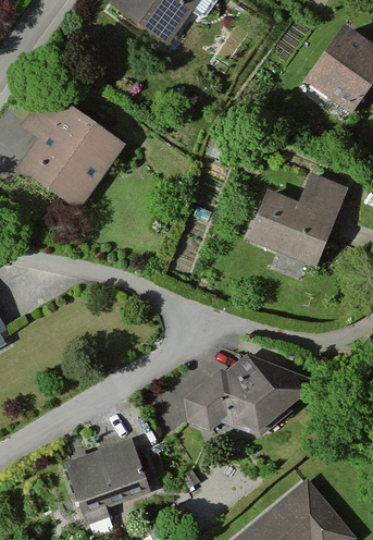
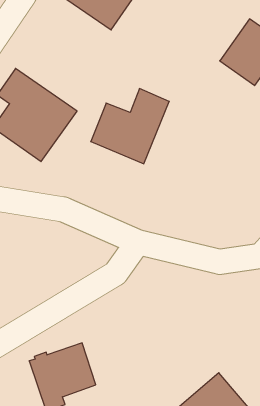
building: [248,171,348,267] -> [91,89,169,164]
building: [184,354,295,434] -> none

